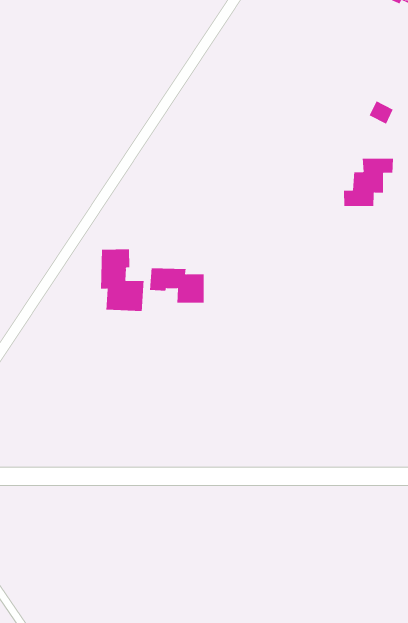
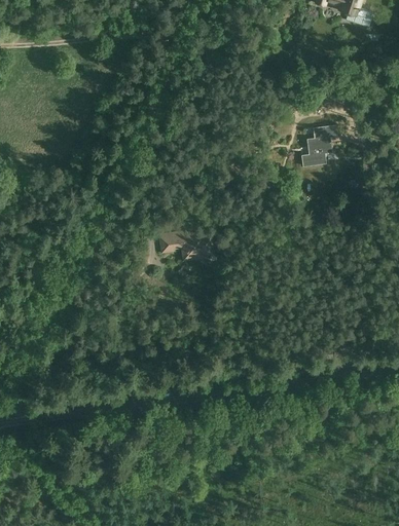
building: [101,249,144,312] -> none

